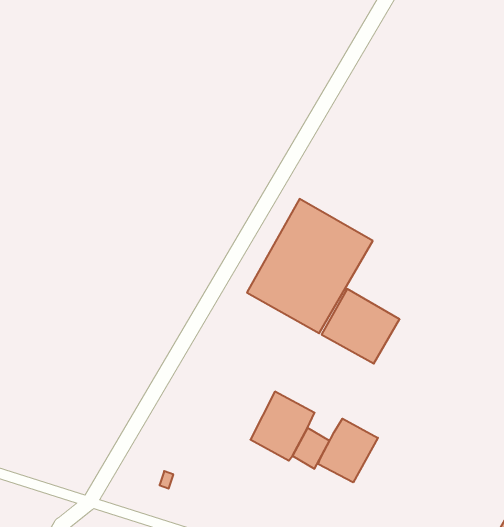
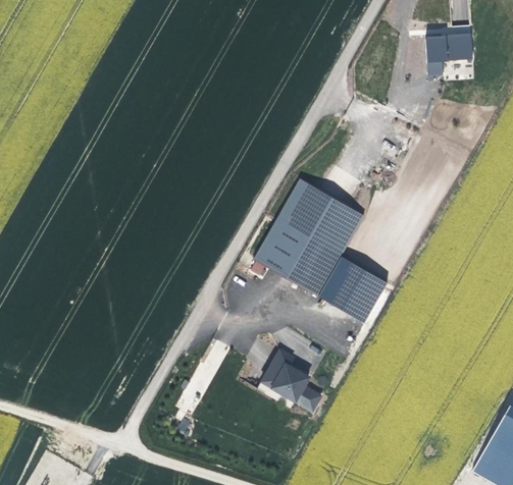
building: none -> [426,20,473,73]
building: [318,419,378,482] -> none

